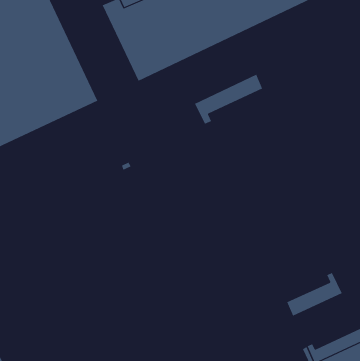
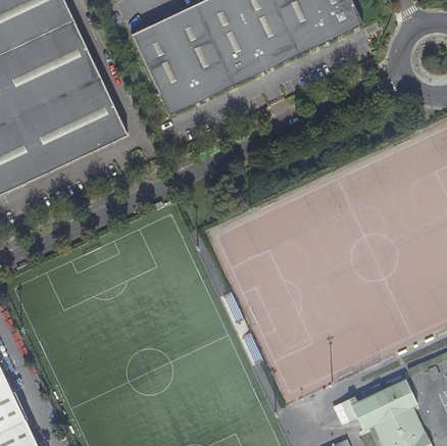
building: [194,74,263,125] -> none
building: [286,272,342,316] -> none

